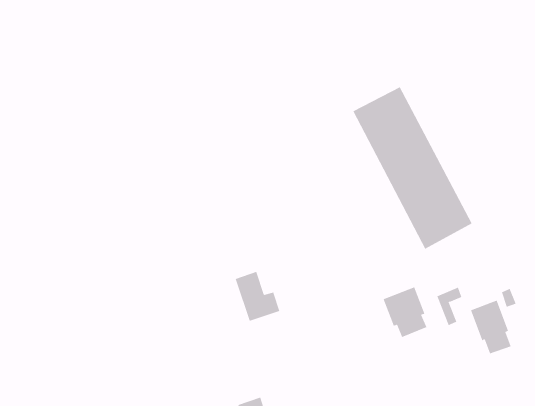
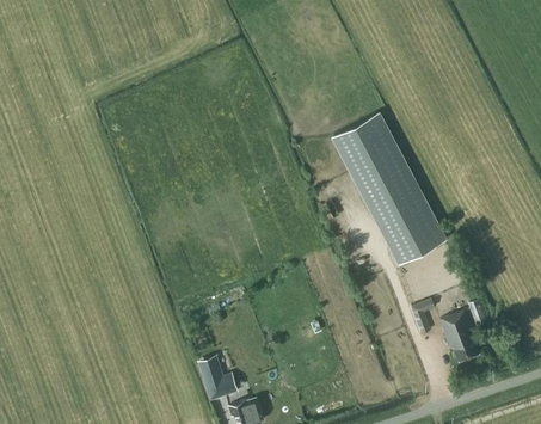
building: [235,271,280,322] -> [196,355,238,401]
building: [383,287,427,338] -> none

